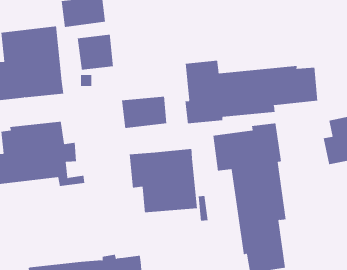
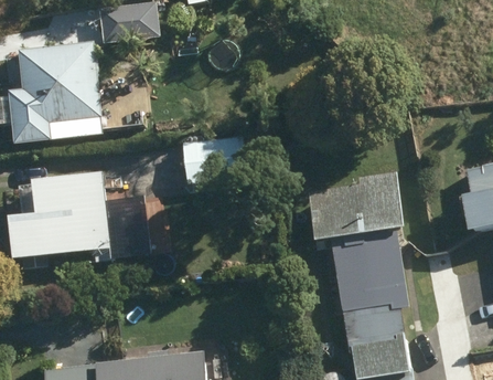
building: [77,34,114,71] -> none
building: [185,60,318,124] -> none
building: [129,148,197,213] -> none

